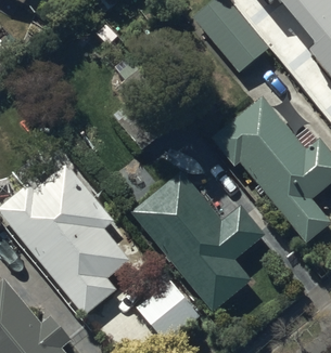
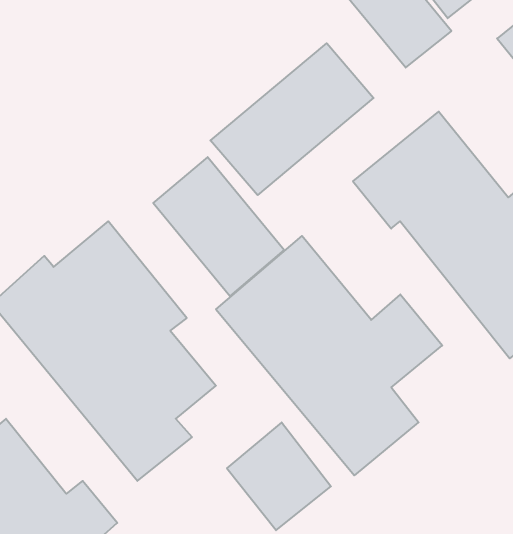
building: none -> [210,43,374,195]
building: none -> [153,157,284,296]

